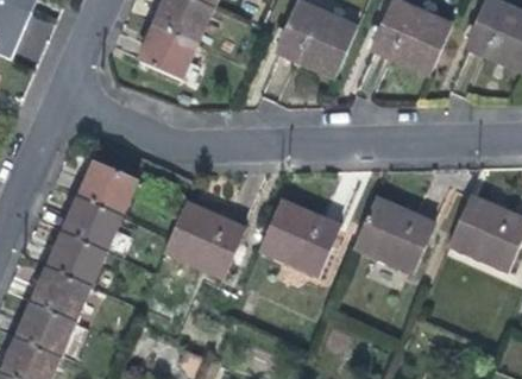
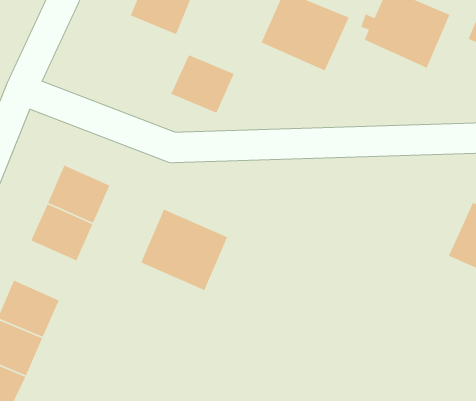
building: [138,24,197,78] -> [170,54,235,114]
building: [353,196,433,271] -> none
building: [258,198,339,273] -> none
building: [48,230,106,285] -> none

